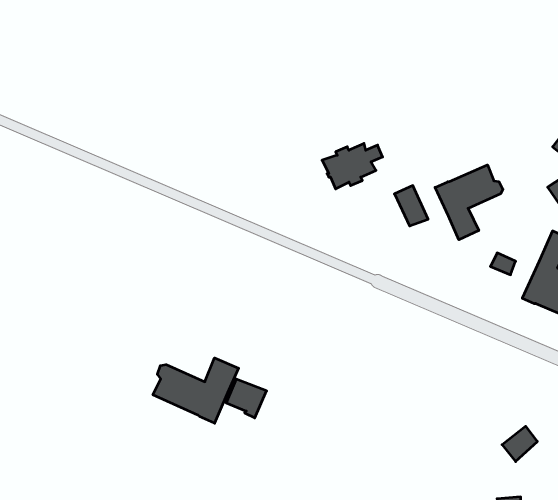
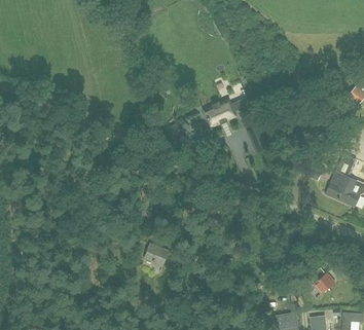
building: [435,165,503,240] -> none
building: [153,358,239,423] -> none

